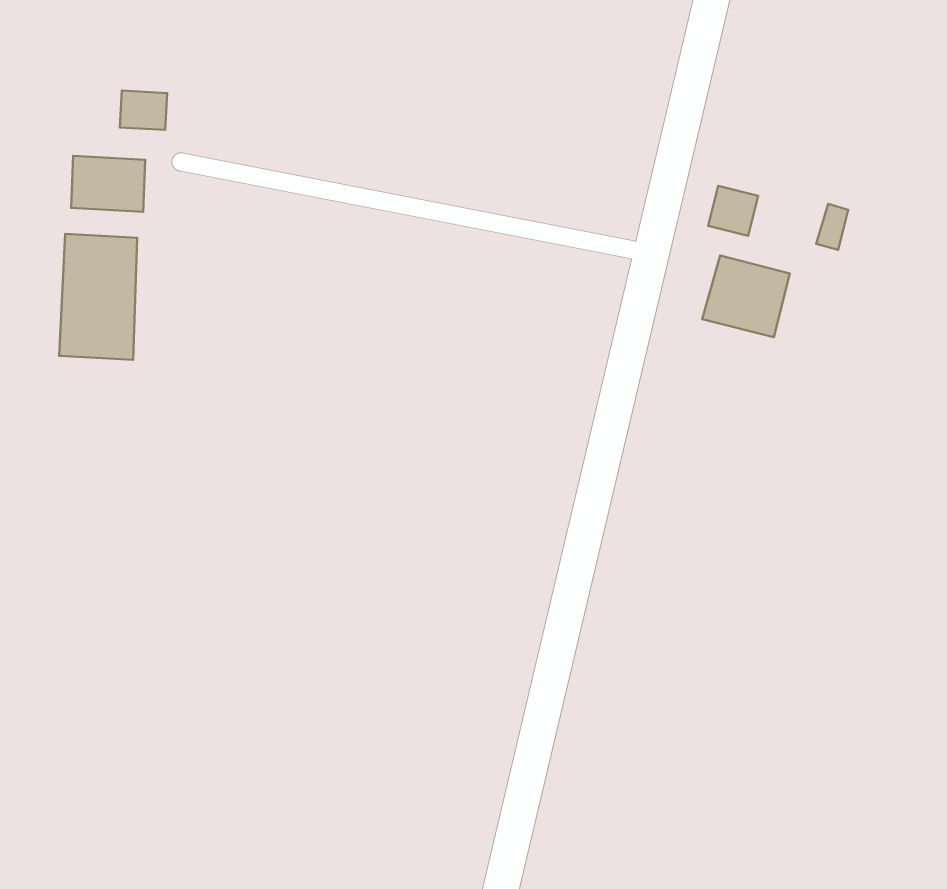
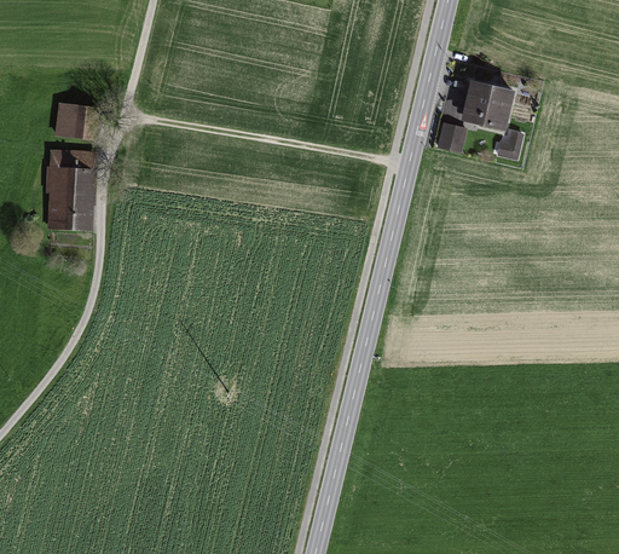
building: [120,90,167,130] -> none
building: [702,255,790,337] -> [464,80,517,129]

